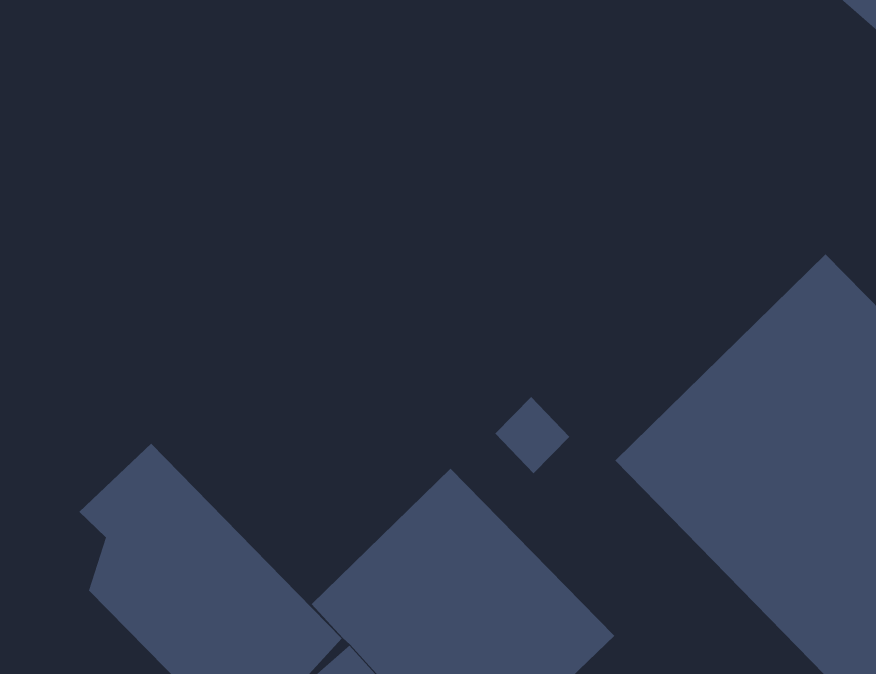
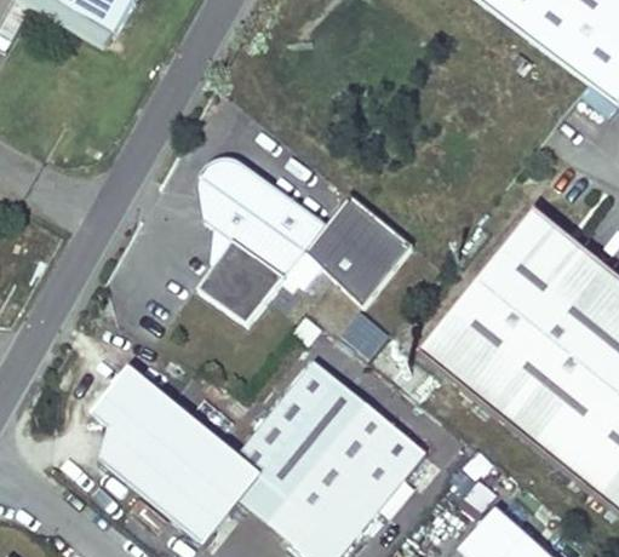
building: none -> [194,156,412,326]

